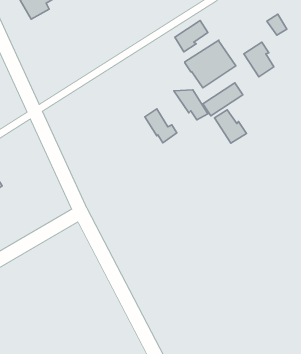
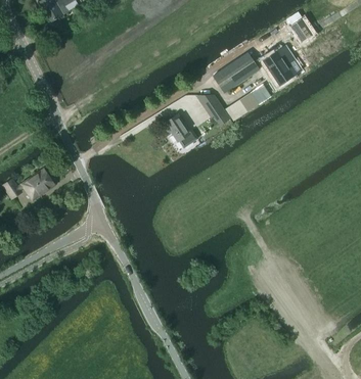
building: [175,21,208,52] -> none
building: [214,110,246,143] -> none
building: none -> [21,169,55,200]

